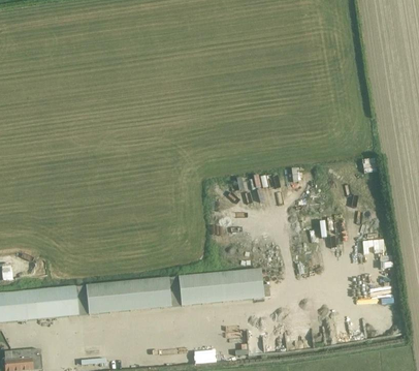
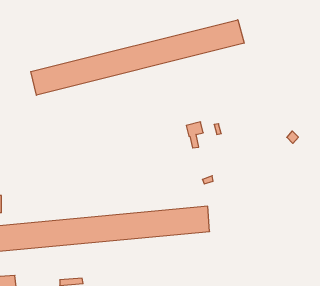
building: none -> [31,20,244,95]

